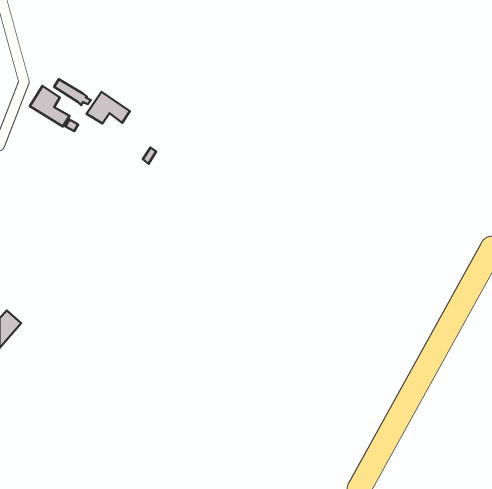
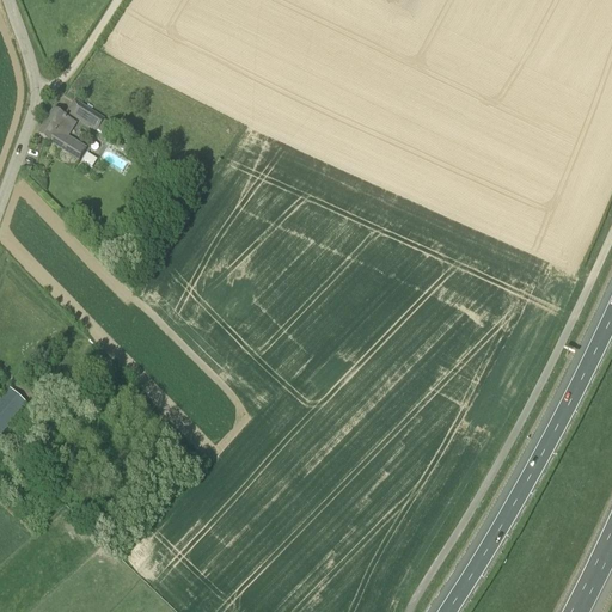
building: [87,92,130,124] -> none

